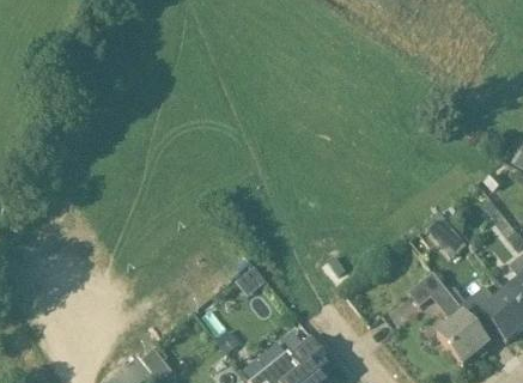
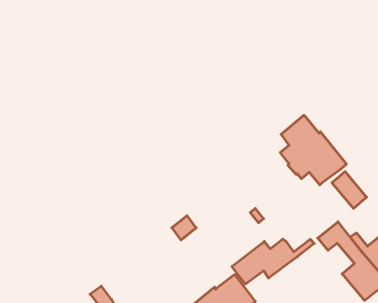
building: none -> [280,115,346,185]
building: none -> [232,239,314,284]

